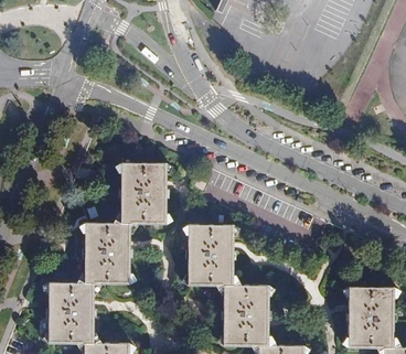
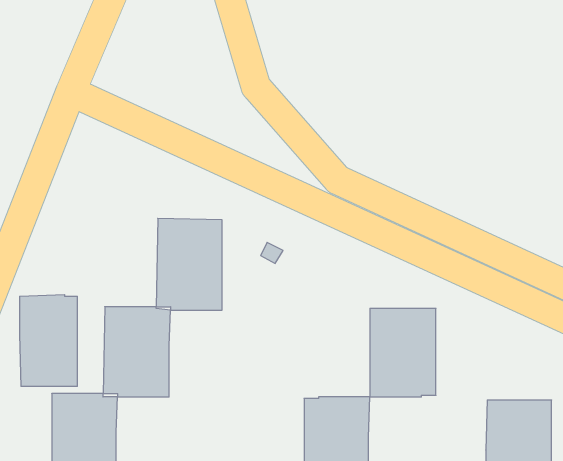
building: none -> [20,295,77,386]
building: [188,225,233,286] -> [370,308,436,397]

